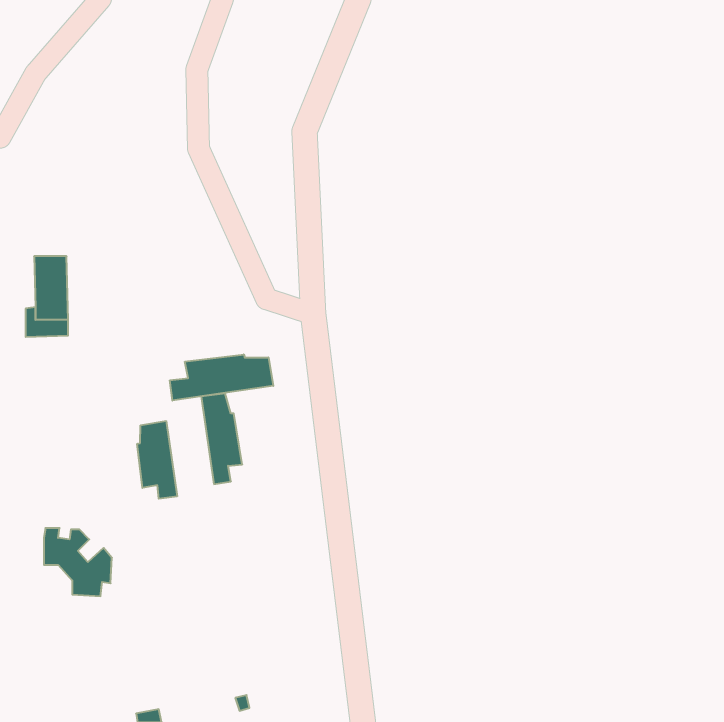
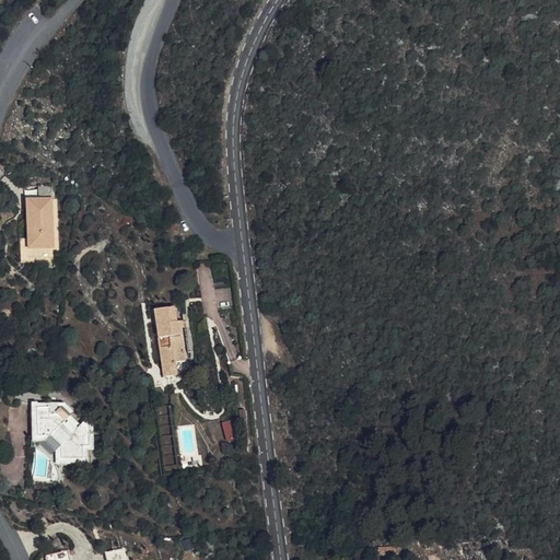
building: [170,354,273,401] -> none
building: [137,421,177,499] -> none

